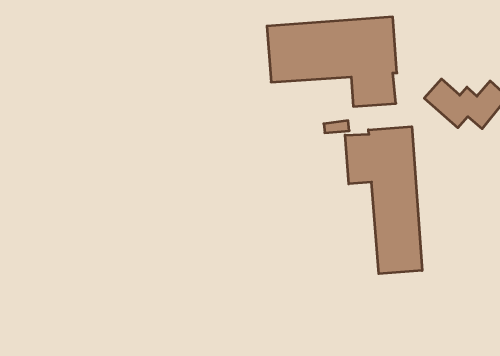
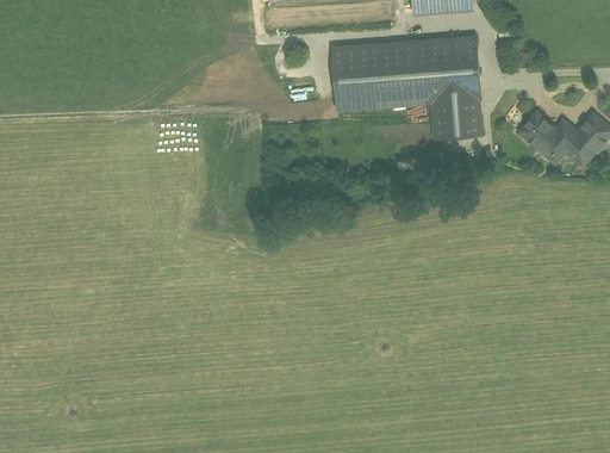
building: [345,127,422,274] -> none

